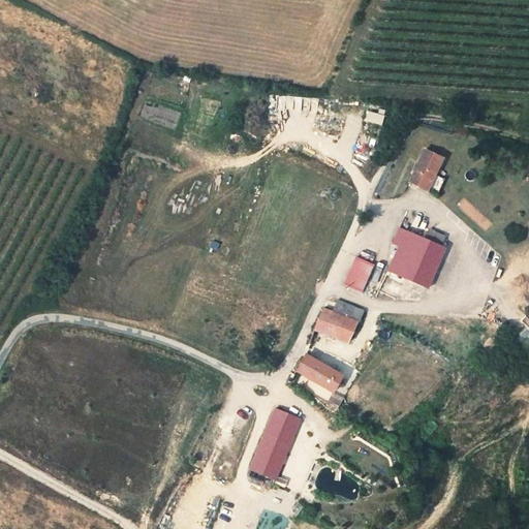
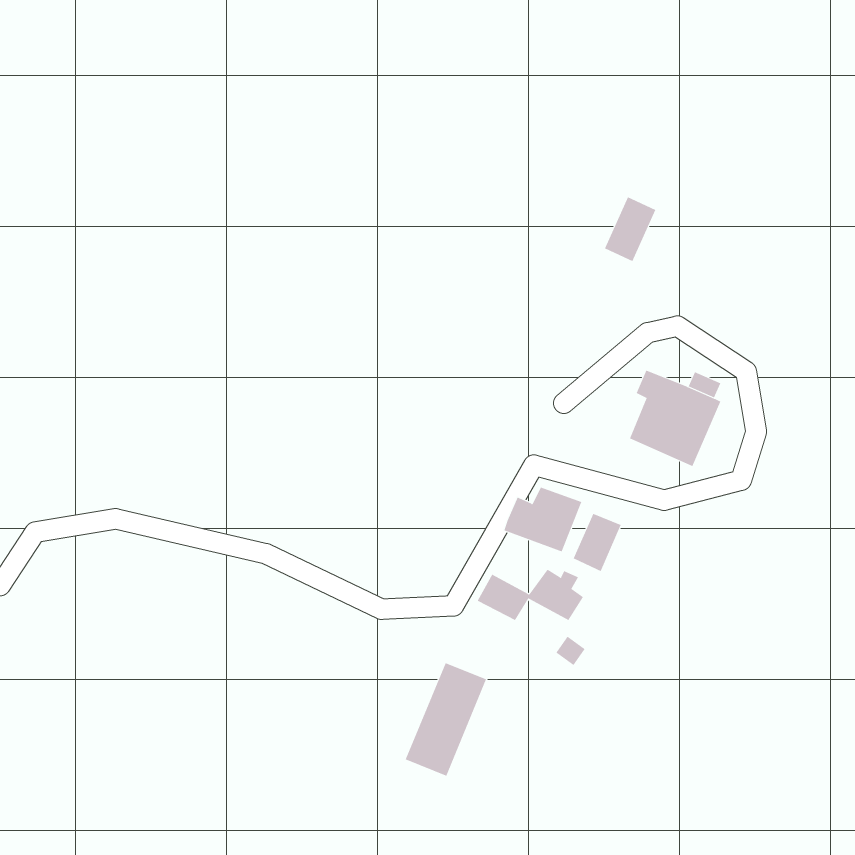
building: [410,150,442,190] -> [604,197,656,262]
building: [344,257,374,293] -> [573,513,621,572]

